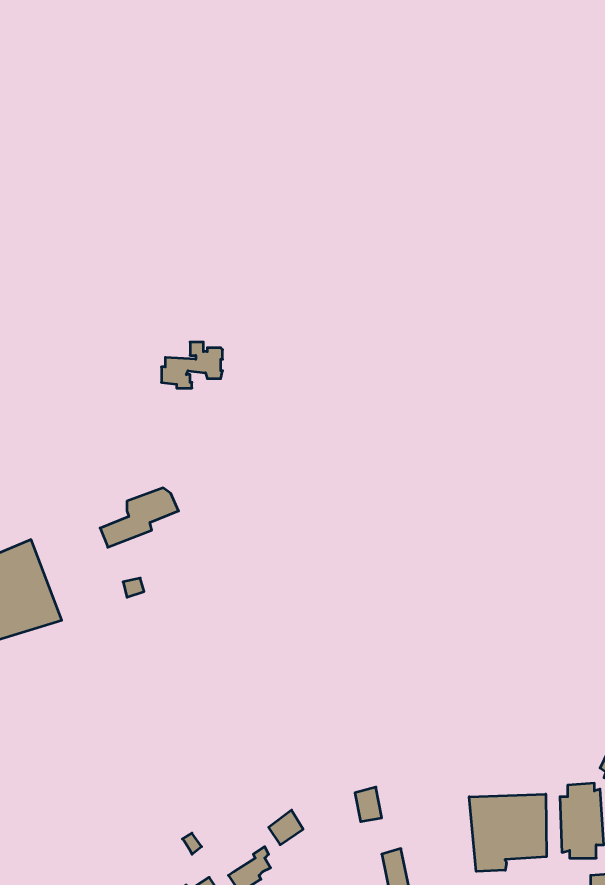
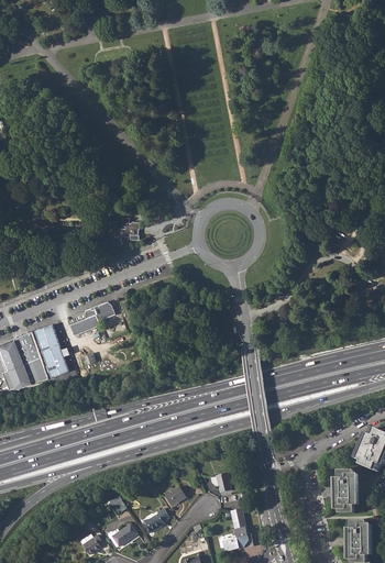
building: none -> [34,323,68,375]
building: [469,794,546,871] -> none

